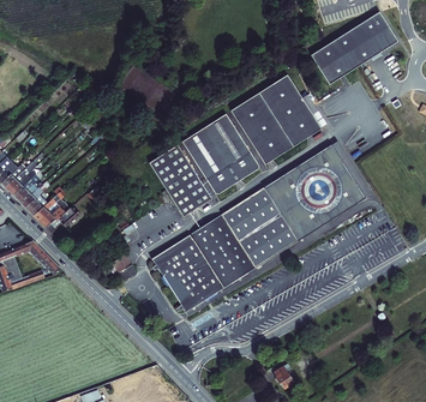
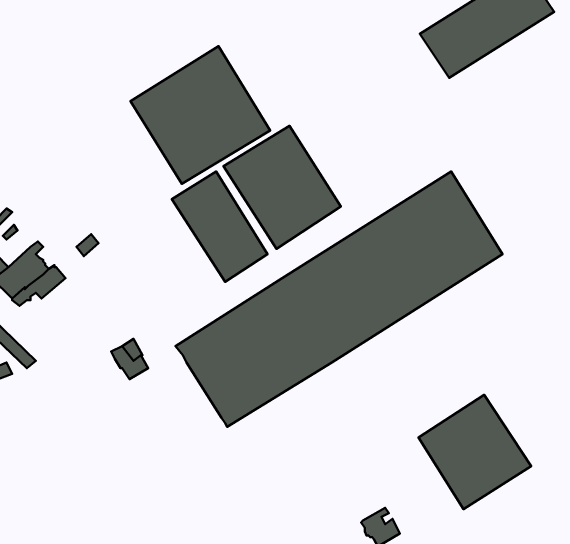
building: [230,73,322,163] -> [130,46,270,184]
building: none -> [418,395,531,509]

